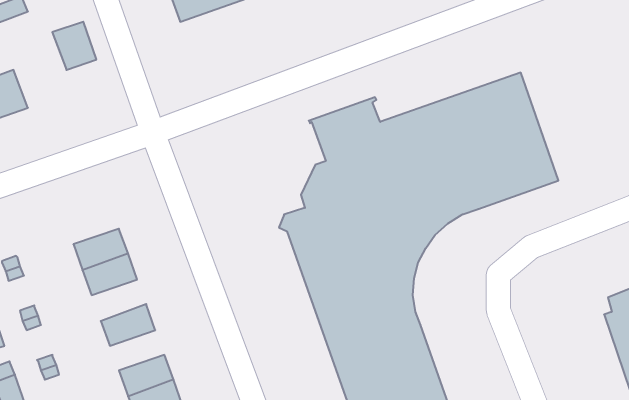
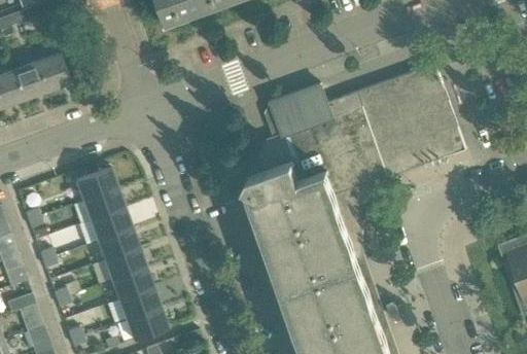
building: [52,22,96,70] -> [34,55,69,93]
building: none -> [74,168,117,201]
building: none -> [96,228,139,261]
building: none -> [110,269,153,300]

